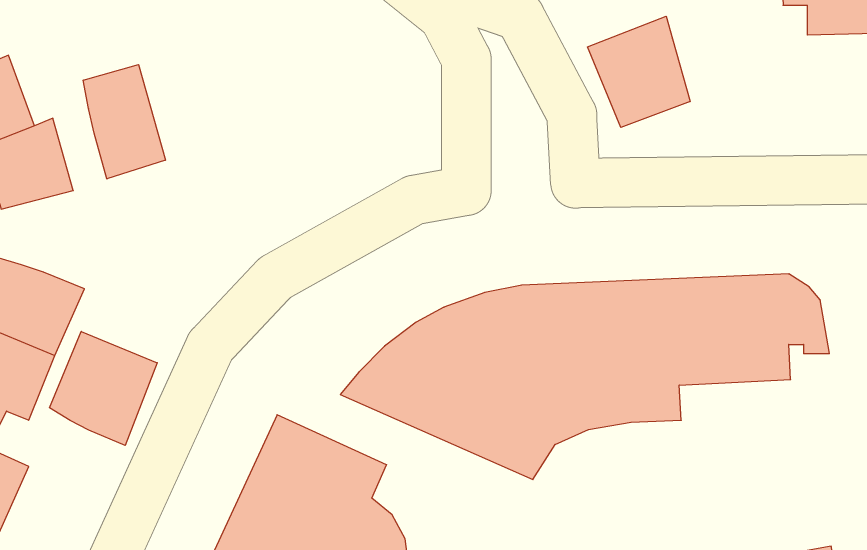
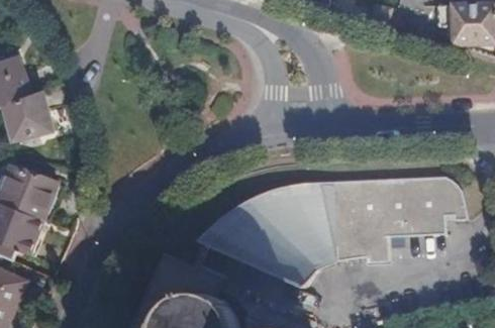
building: [587,16,690,127] -> none
building: [83,65,165,179] -> none
building: [50,331,157,445] -> none

